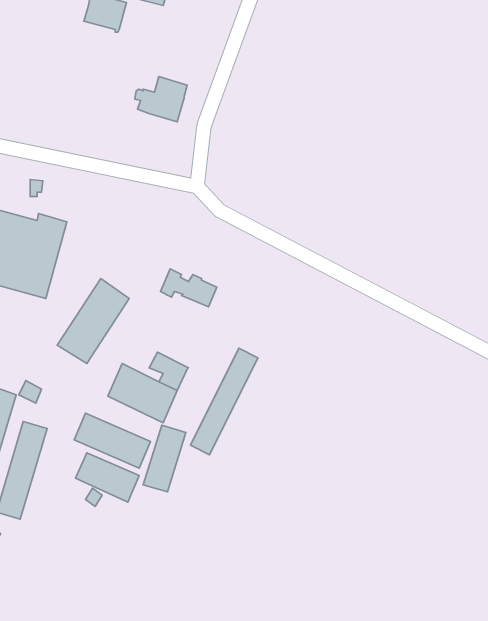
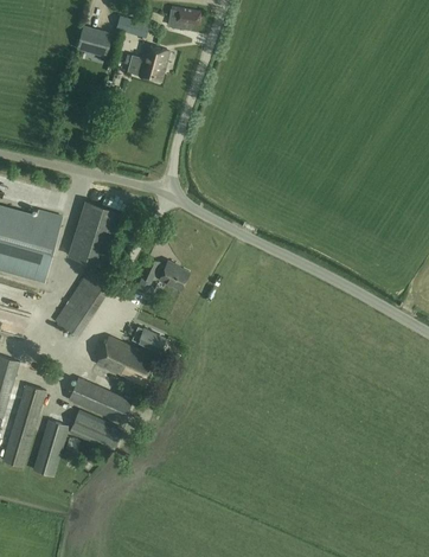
building: [135,77,187,122] -> [124,44,168,82]
building: none -> [68,200,120,265]
building: [190,348,258,455] -> none
building: [143,425,186,492] -> [32,420,68,475]

